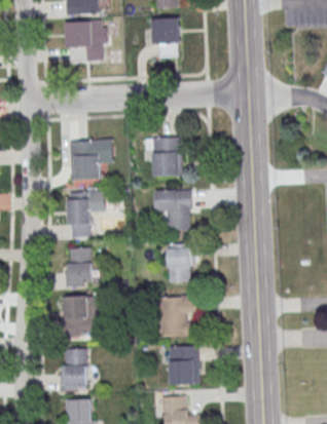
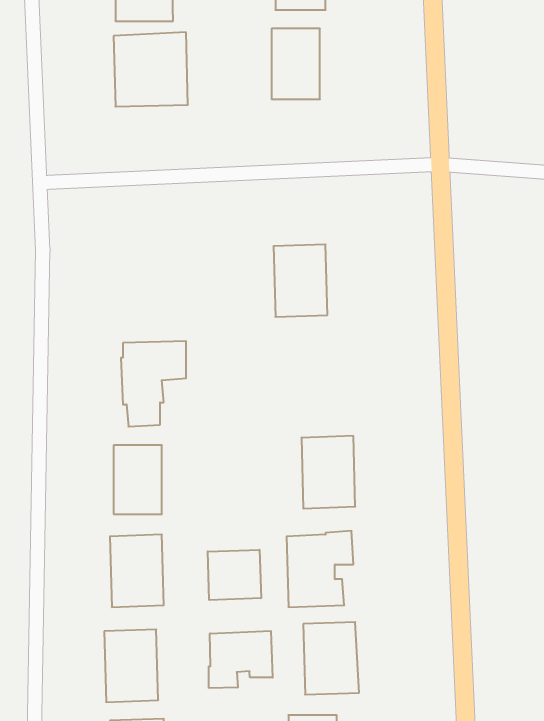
building: [69,140,113,180] -> none
building: [154,190,191,230] -> none
building: none -> [208,550,261,600]
building: none -> [209,631,273,688]

